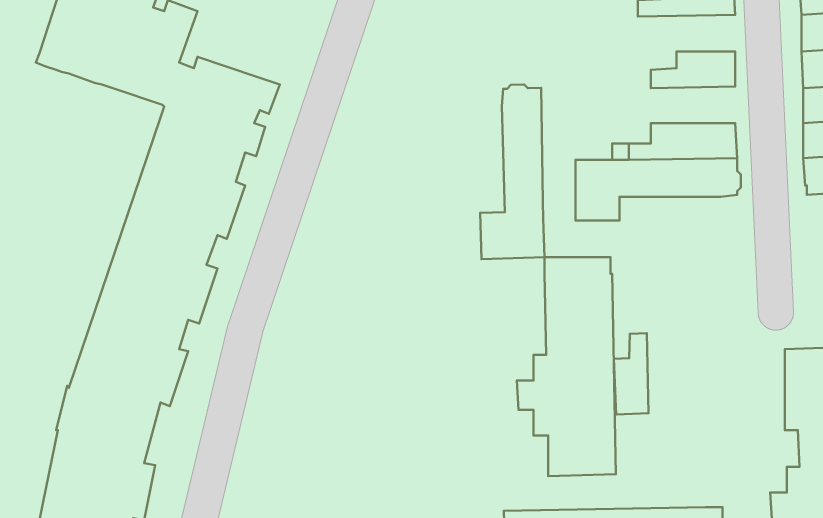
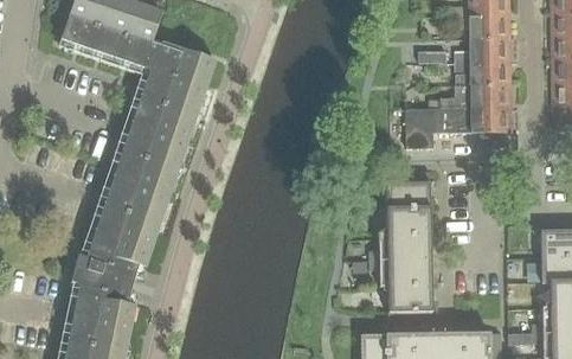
building: none -> [446,14,509,38]
building: [480,84,544,259] -> none
building: none -> [455,60,509,84]
building: [614,333,648,415] -> none

